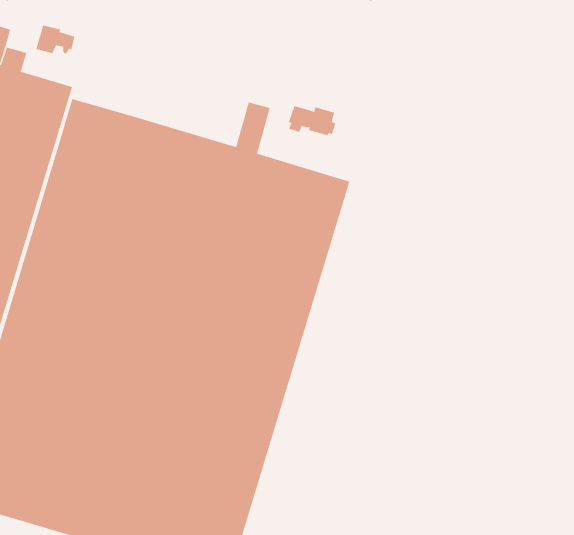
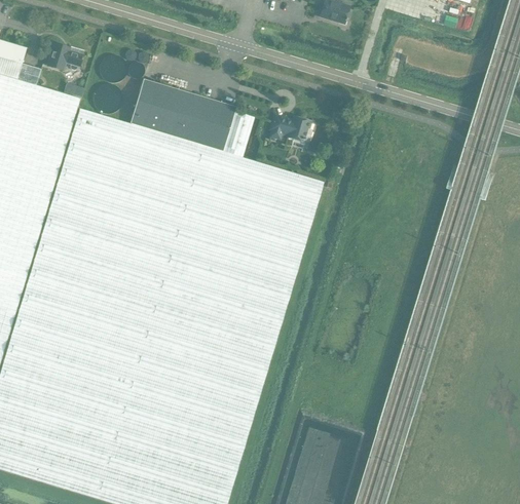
building: none -> [128,79,234,151]

